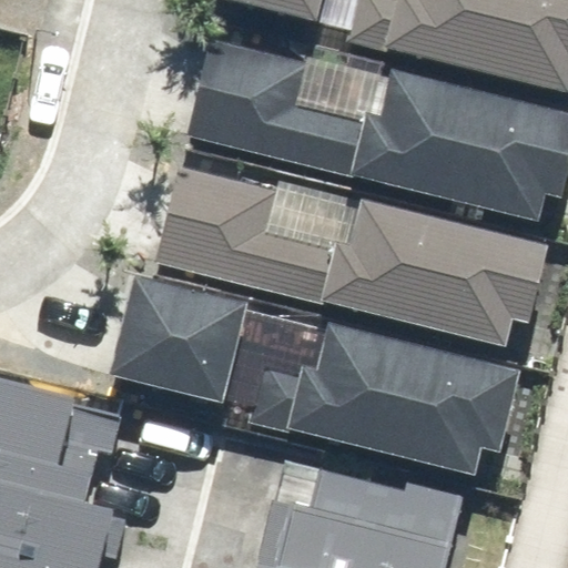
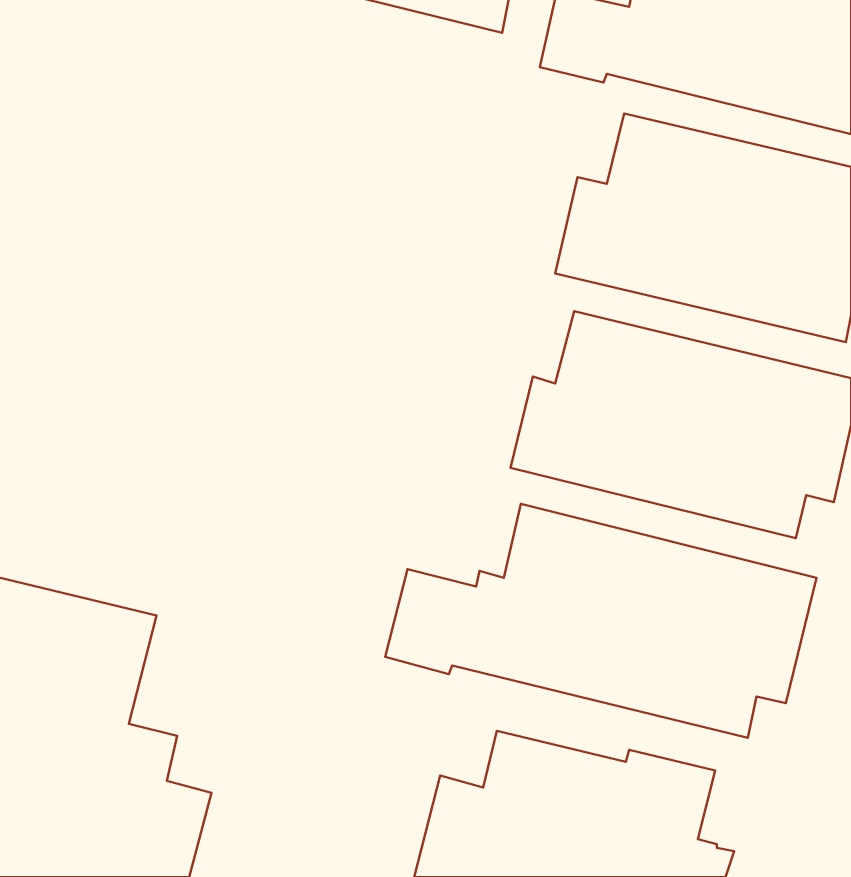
building: [185,41,365,176] -> none
building: [152,170,334,305] -> none
building: [119,275,256,403] -> none

